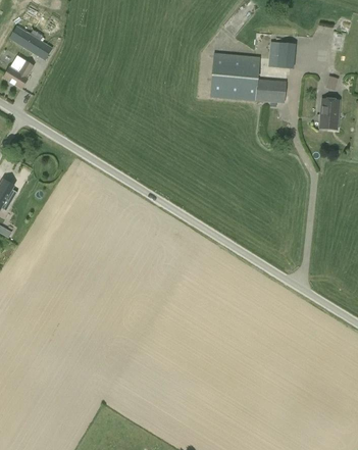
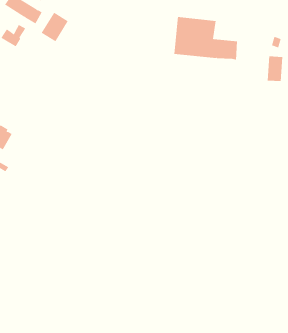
building: [268,41,296,68] -> none
building: none -> [41,12,69,42]

